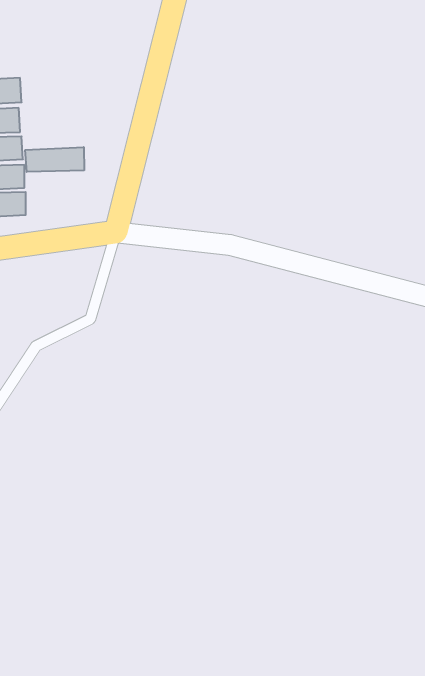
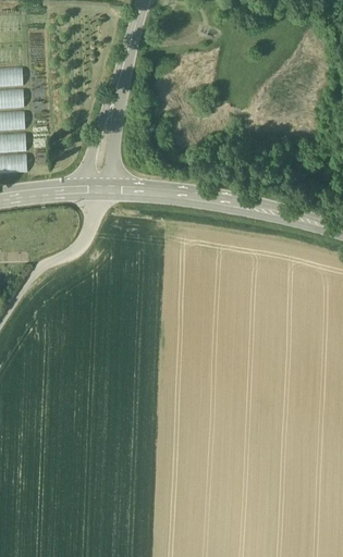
building: [25,147,84,172] -> none

